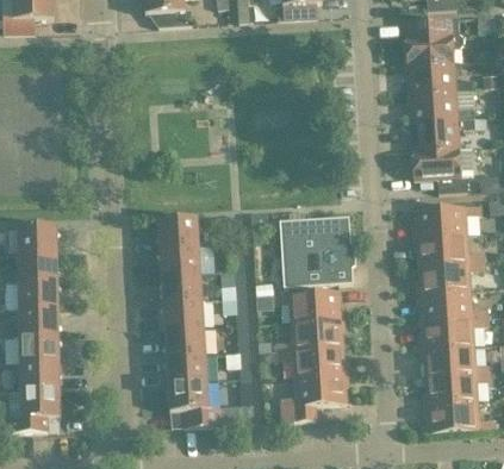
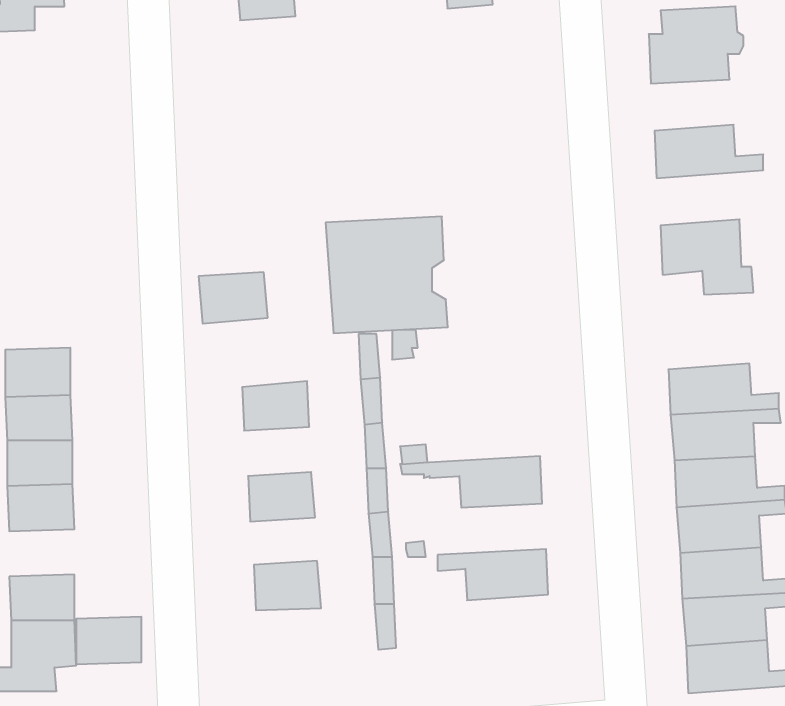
building: [406,63,473,94] -> none
building: [410,118,475,151] -> none
building: [415,205,481,238] -> none
building: [279,217,353,287] -> [326,217,448,333]
building: [157,218,199,249] -> [199,272,268,324]
building: [161,273,201,302] -> none
building: [278,319,343,350] -> none
building: [164,327,205,356] -> none
building: [19,334,58,363] -> [76,617,141,664]
building: [280,374,347,421] -> none
building: [168,382,222,427] -> none

